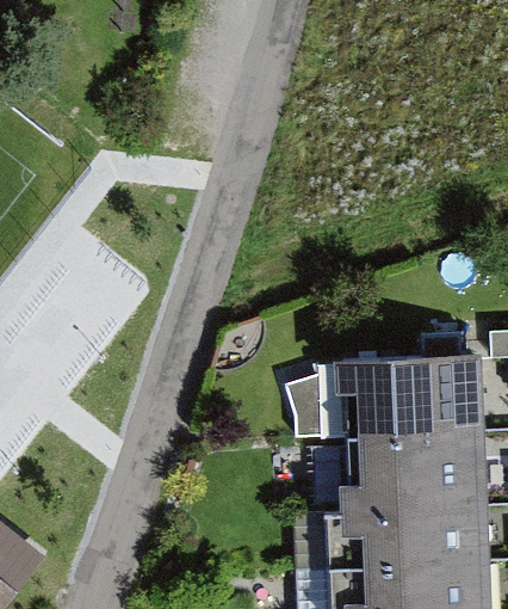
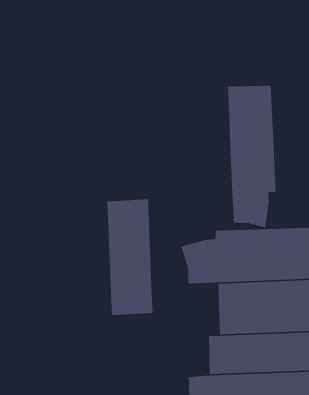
building: none -> [227,85,276,229]
building: none -> [106,199,154,316]

